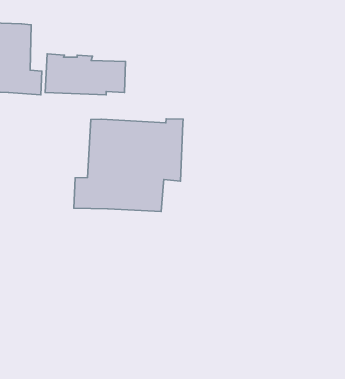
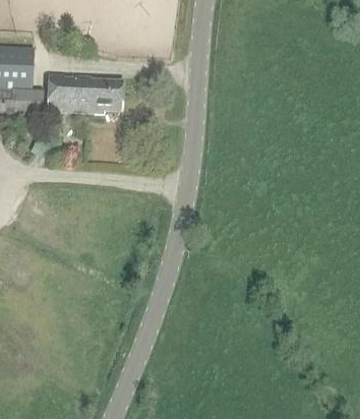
building: [74,119,183,211] -> none

